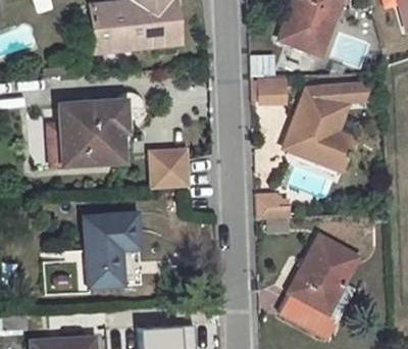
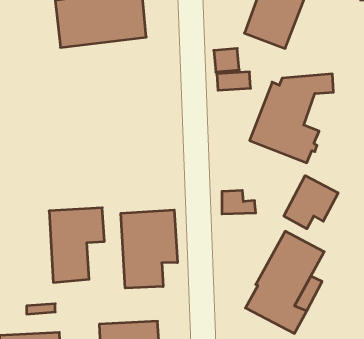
building: [51,92,145,163] -> none
building: [144,147,188,189] -> none
building: none -> [284,176,338,229]
building: none -> [121,210,177,288]

